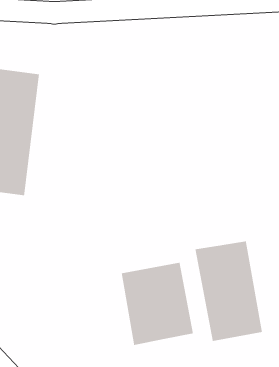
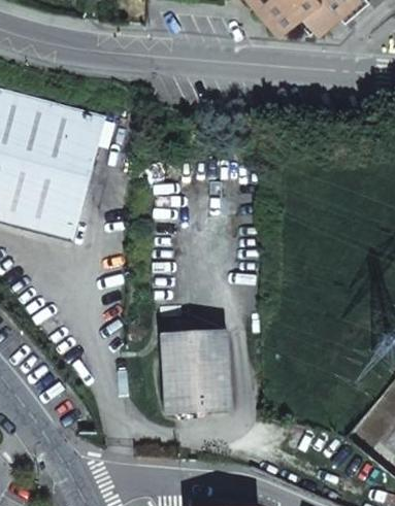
building: [194,241,263,342] -> none

